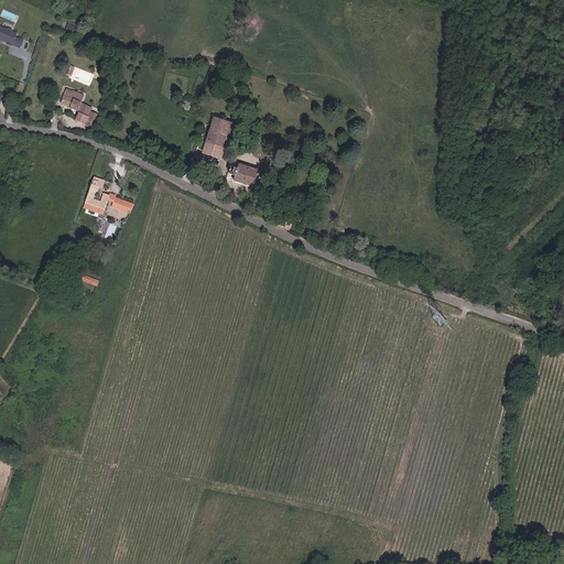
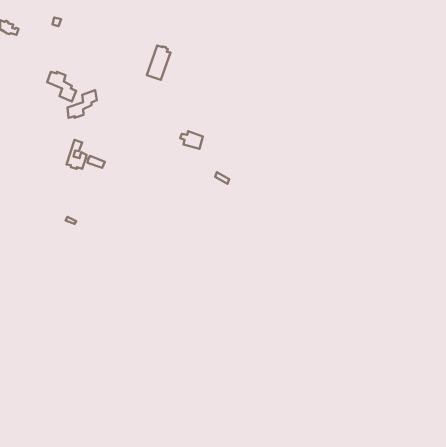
building: none -> [68,90,97,118]
building: [202,116,231,159] -> [147,46,170,80]

